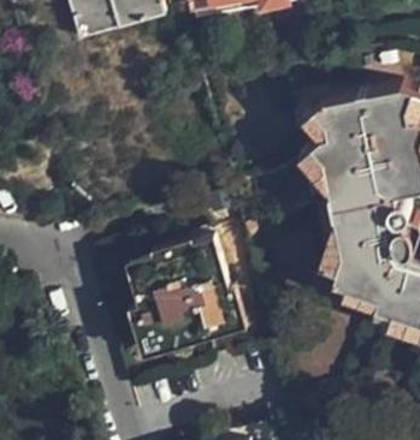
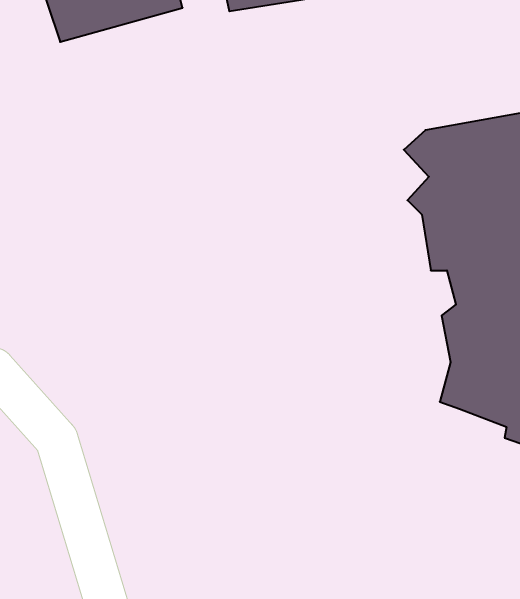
building: [128,238,241,340] -> none

